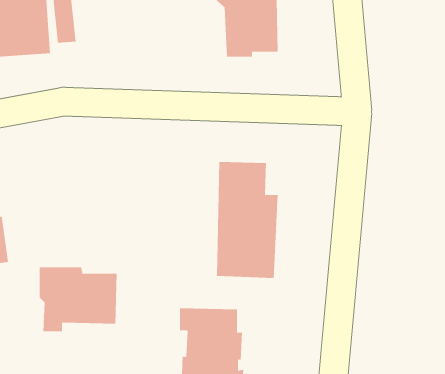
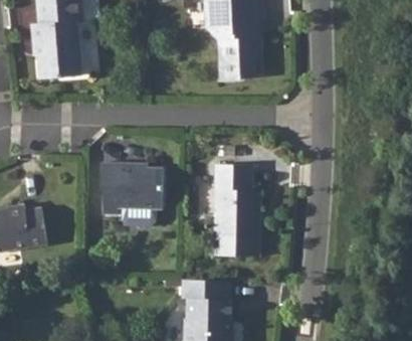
building: [39,267,118,332] -> [99,163,162,214]

